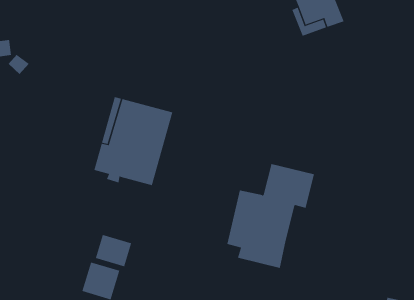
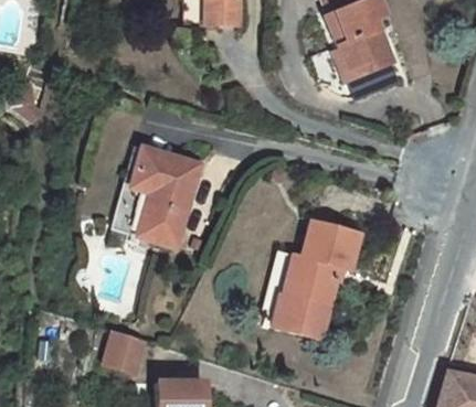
building: [95,234,132,267] -> none

